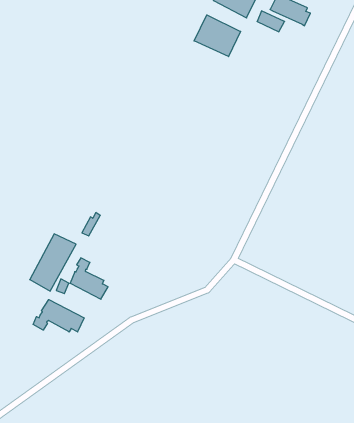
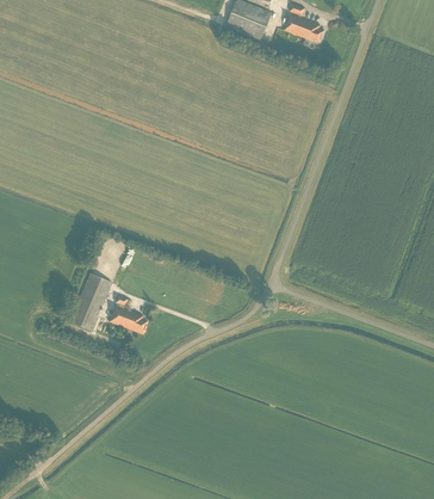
building: [194,15,241,57] -> none
building: [33,300,84,332] -> none

